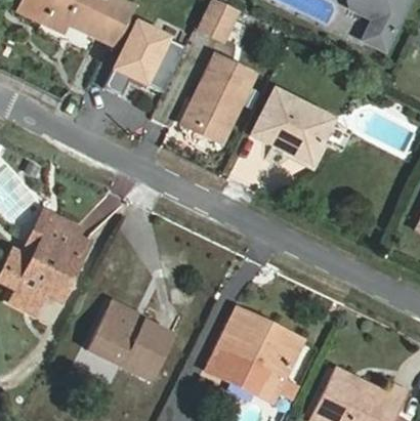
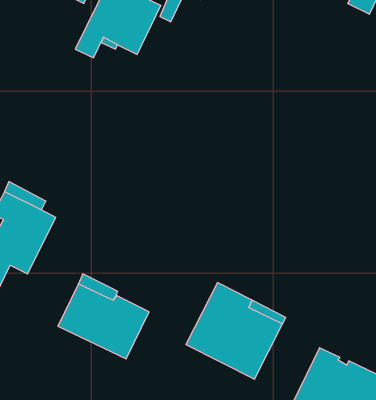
building: [181,55,254,142] -> none
building: [250,89,332,163] -> none

